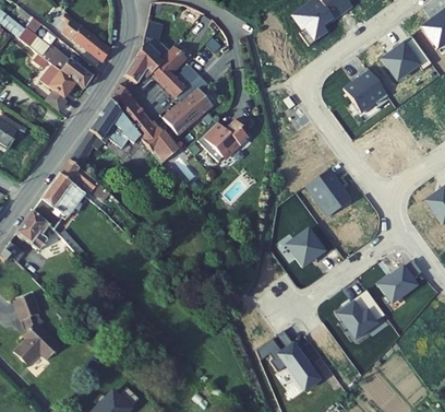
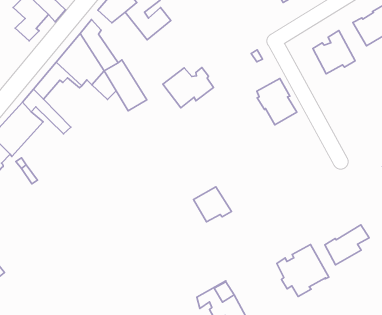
building: [163,75,213,136] -> none
building: [308,168,350,215] -> [257,79,297,125]
building: [286,229,325,266] -> [194,187,231,222]

